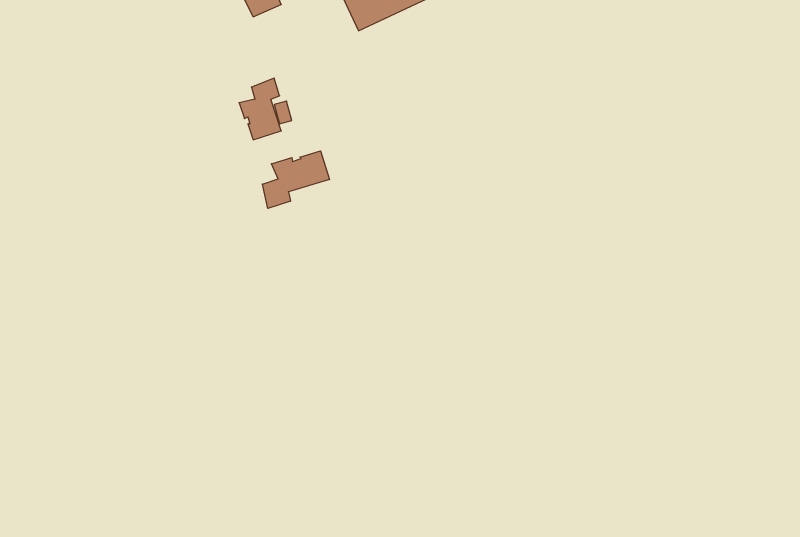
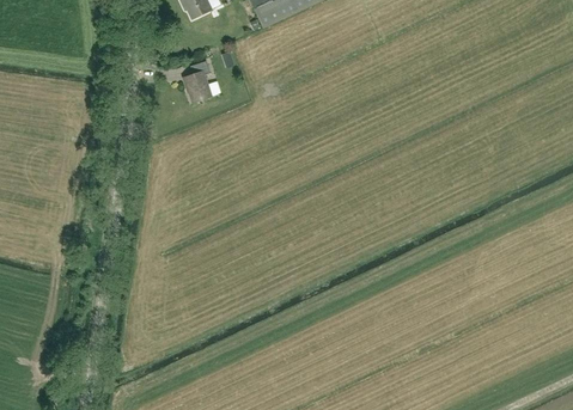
building: [262,151,329,208] -> none

